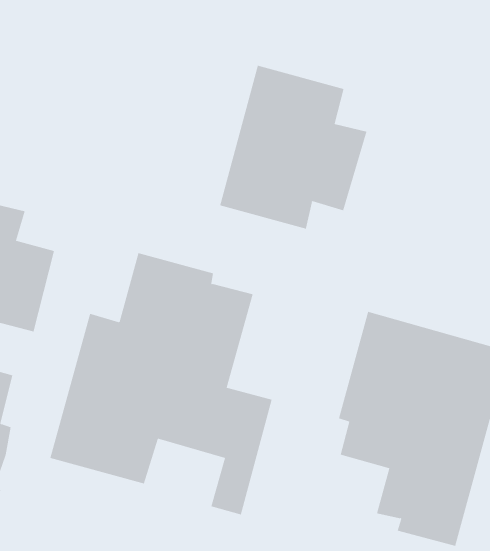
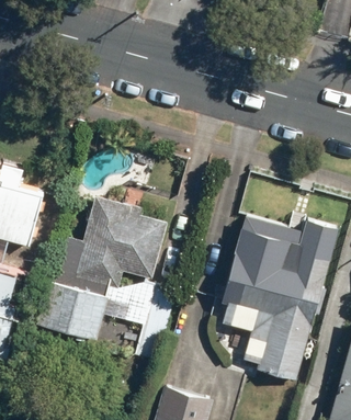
building: [219,65,367,229] -> none

